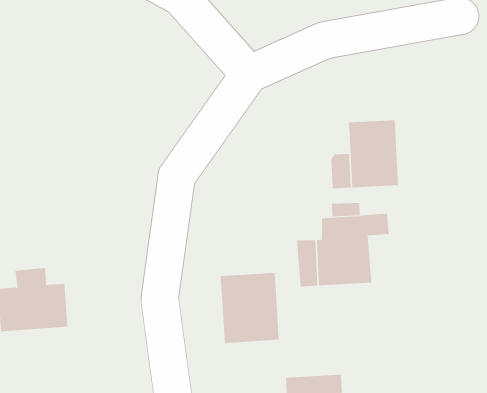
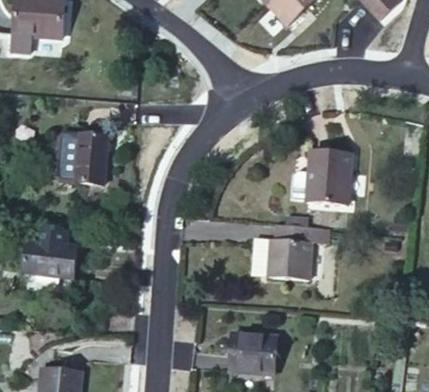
building: none -> [54,142,112,193]
building: [220,272,279,344] -> none

